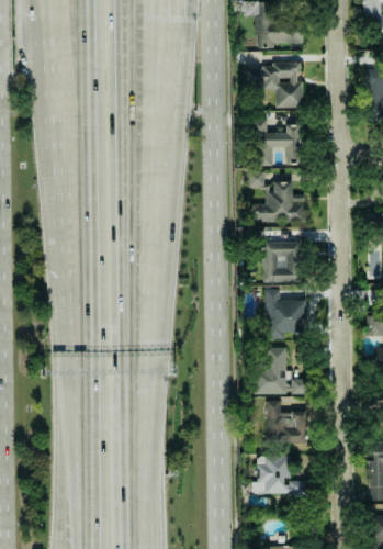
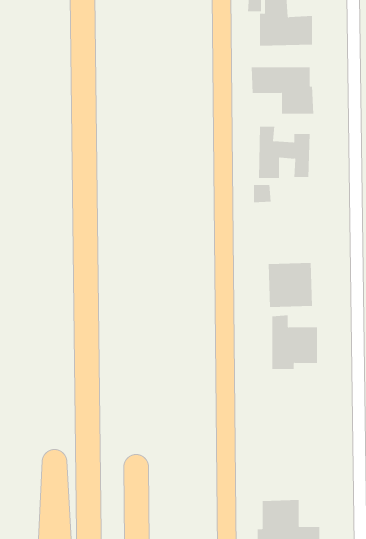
building: [254,180,305,222] -> none
building: [256,346,308,393] -> none
building: [266,400,307,442] -> none

